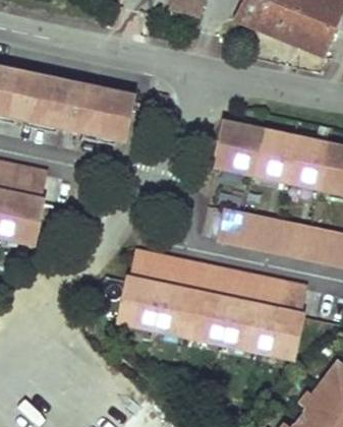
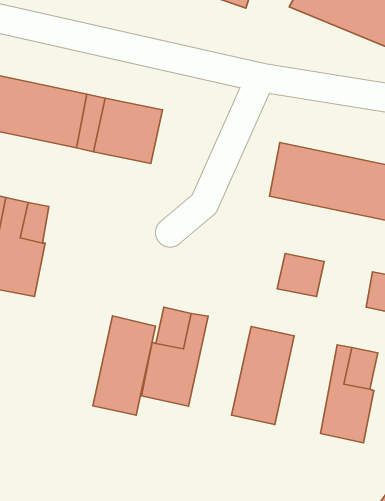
building: [254,216,298,251] -> none
building: [155,258,204,336] -> [93,316,156,415]
building: [222,273,271,350] -> none

